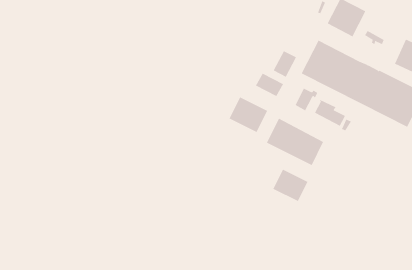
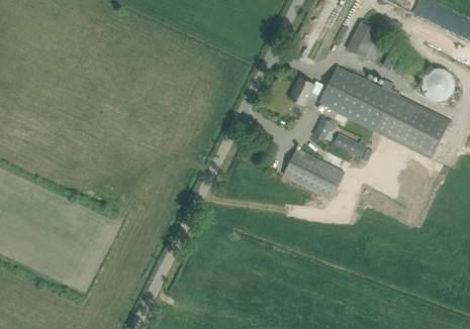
building: [255,73,284,97] -> none
building: [229,97,268,133] -> none
building: [273,169,308,202] -> none

